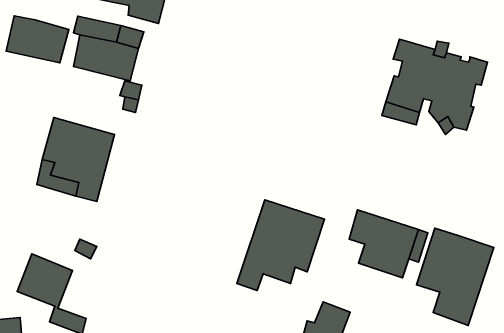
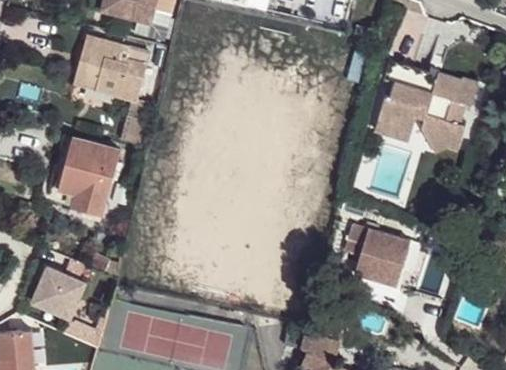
building: [6,16,69,63] -> none
building: [237,200,324,291] -> none
building: [417,228,494,326] -> none

